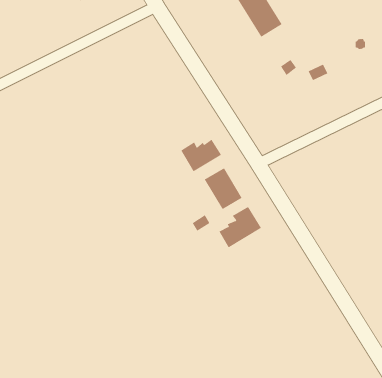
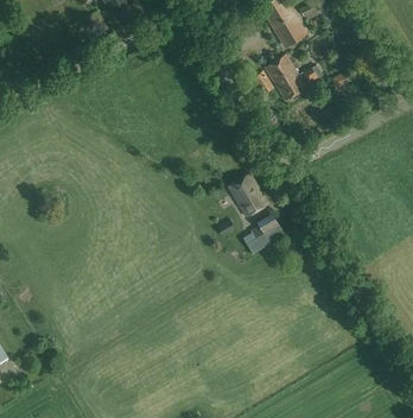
building: none -> [252,55,305,101]
building: [180,139,222,172] -> none

